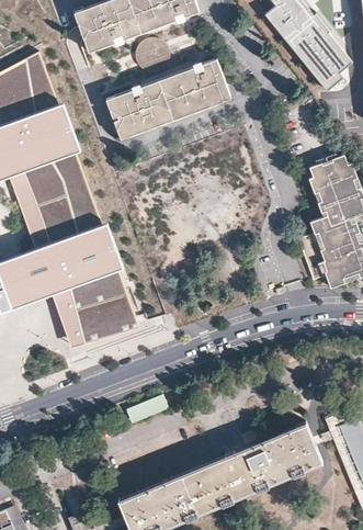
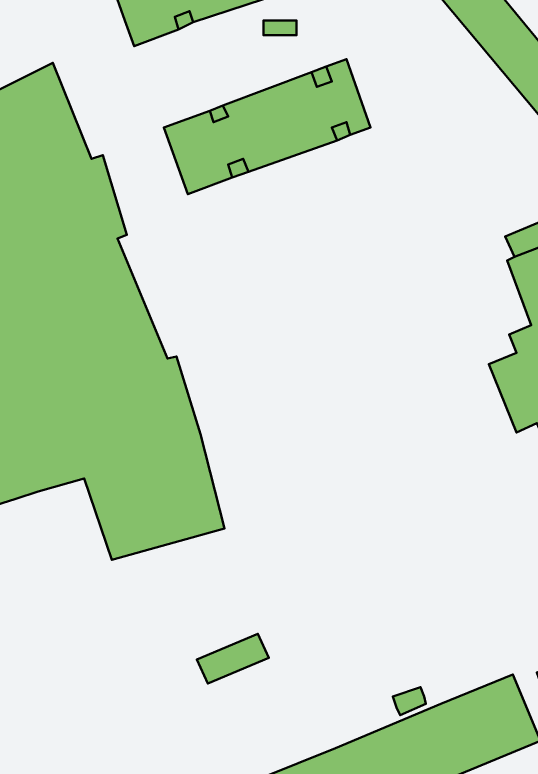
building: [135,38,162,67] -> none

